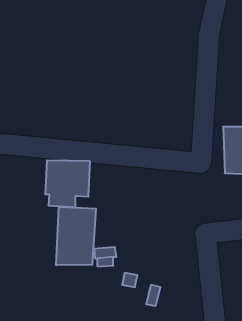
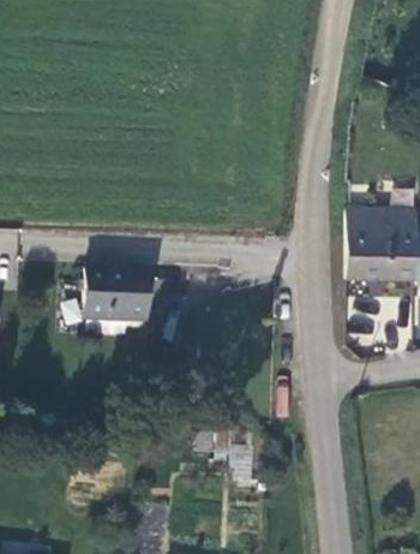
building: [56,207,96,265] -> none

